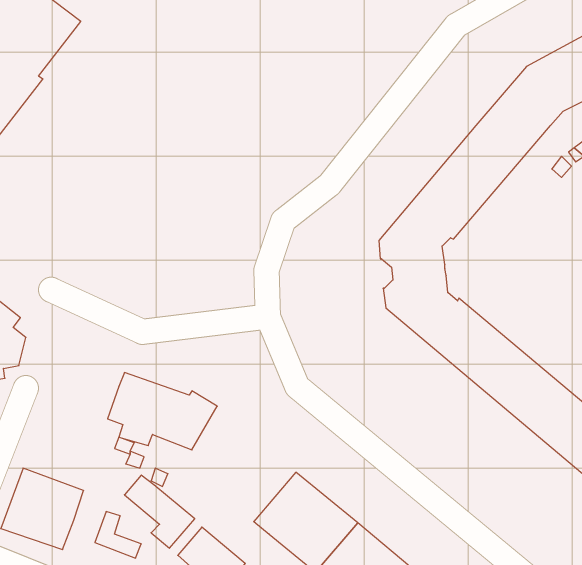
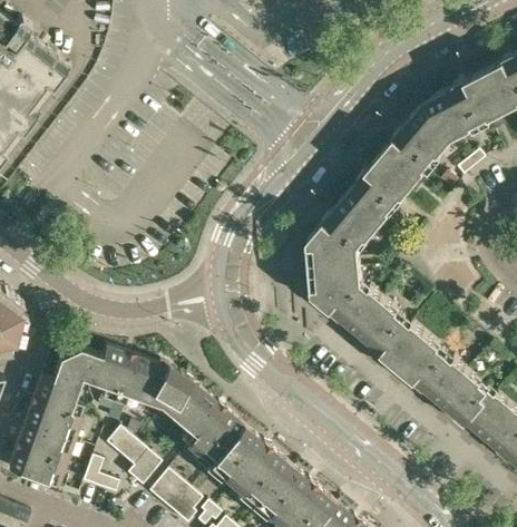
building: none -> [23,353,99,440]
building: none -> [157,373,240,465]

